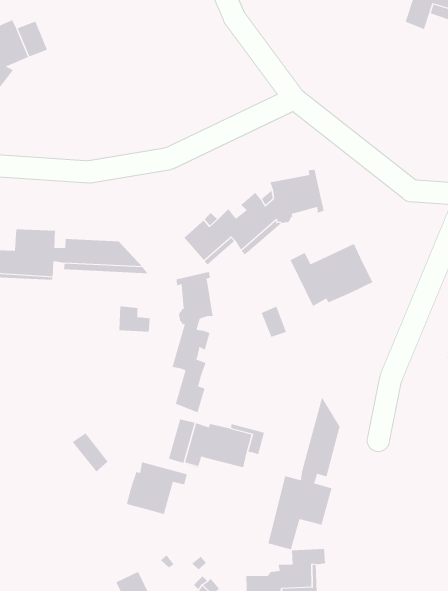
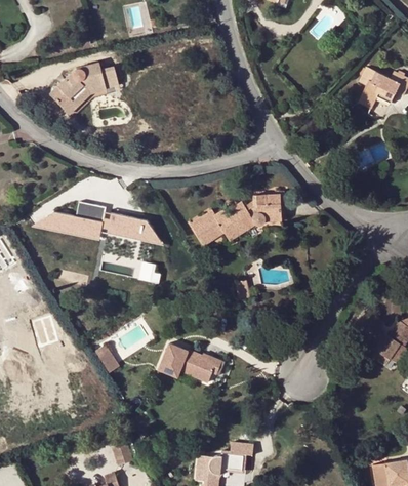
building: [290,243,373,307] -> none
building: [172,271,213,413] -> none
building: [268,396,340,550] -> none
building: [126,462,187,515] -> none

